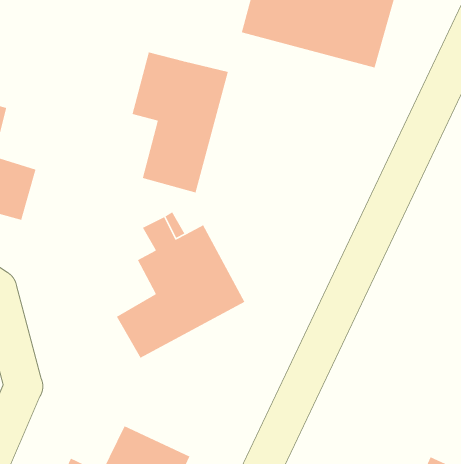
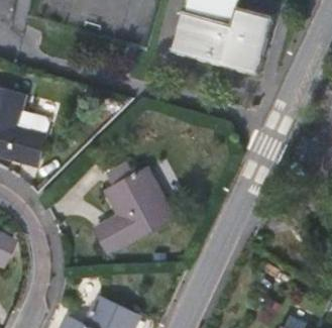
building: [131,52,229,194] -> none

